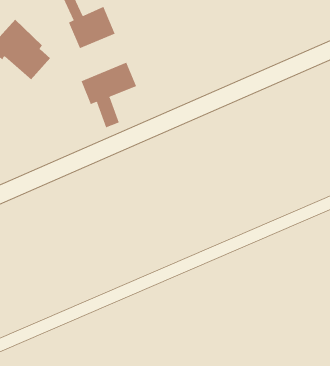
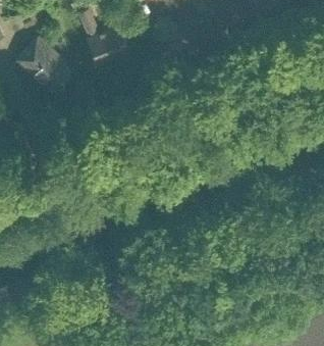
building: [81,62,137,128] -> none

